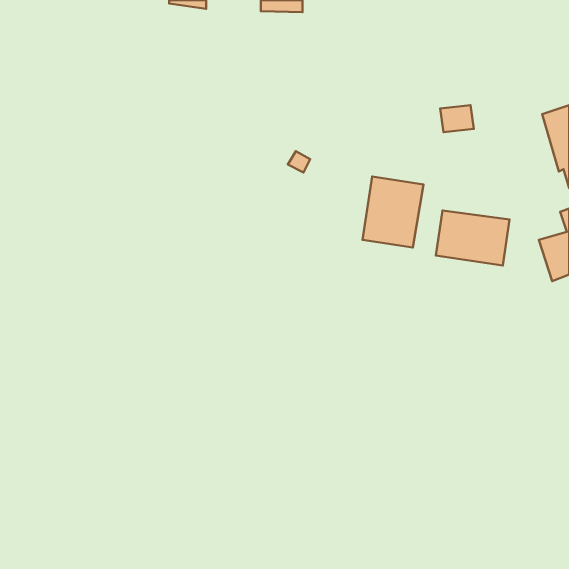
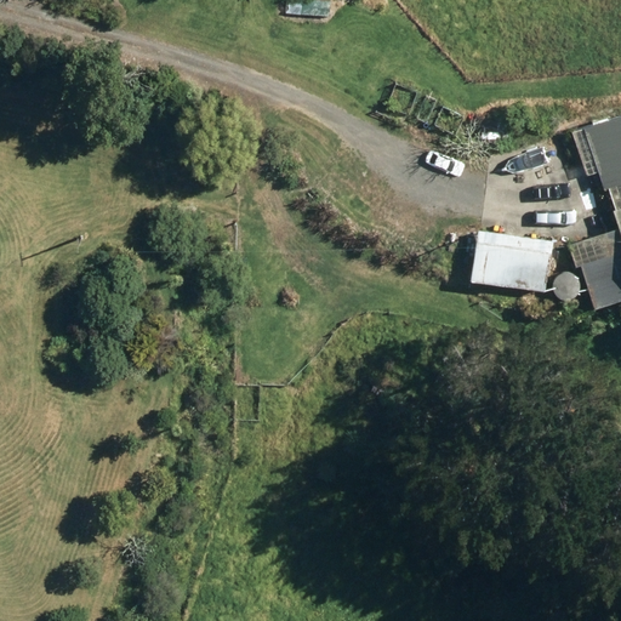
building: [363,177,424,247] -> none

